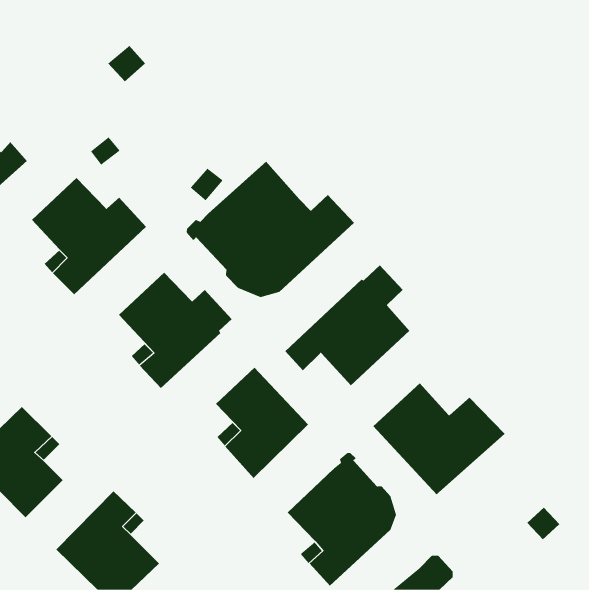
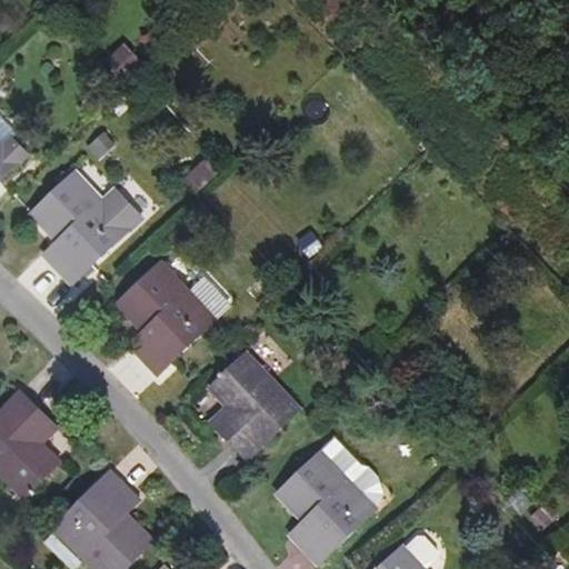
building: [186,161,355,298] -> none
building: [285,264,410,386] -> none
building: [373,383,505,495] -> none

